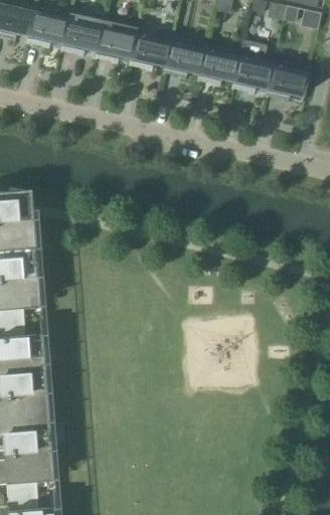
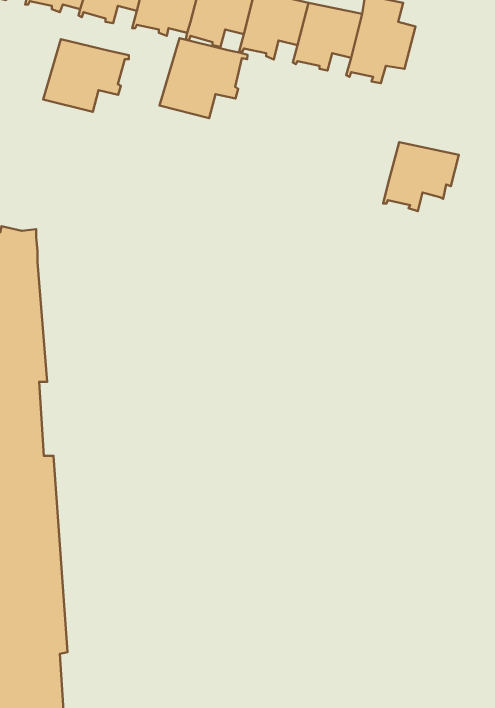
building: [266,60,314,105] -> [383,142,459,211]
building: none -> [159,38,248,118]
building: none -> [43,39,129,112]

